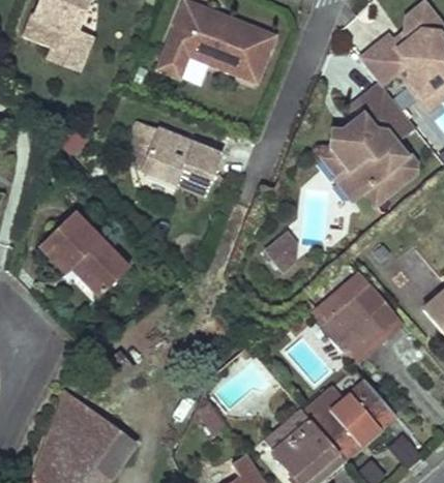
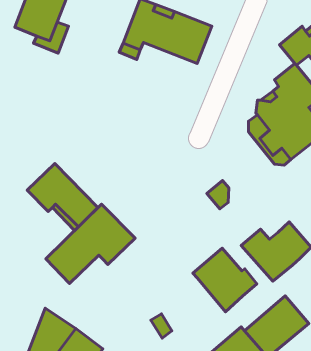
building: [135,123,223,199] -> none
building: none -> [46,204,135,283]
building: none -> [193,248,257,312]

